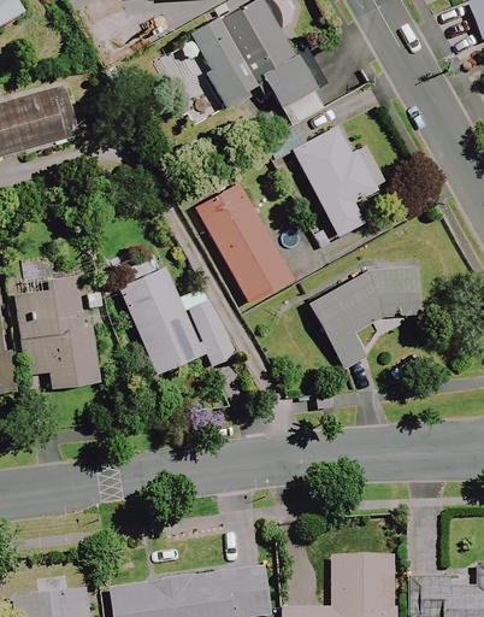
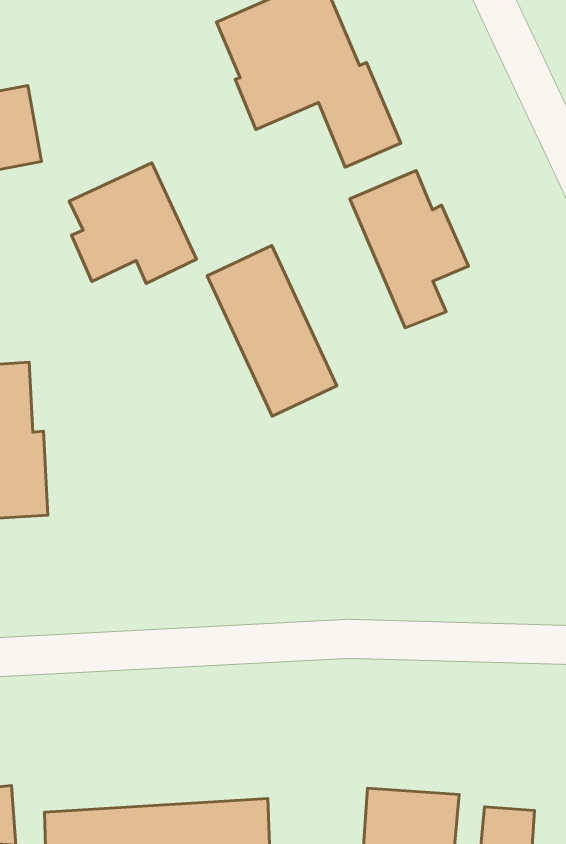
building: none -> [69,163,196,284]
building: [309,263,420,368] -> none
building: [120,268,236,374] -> none

